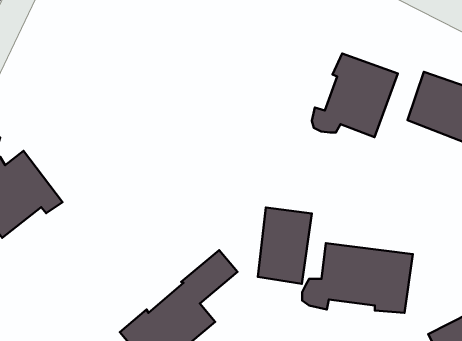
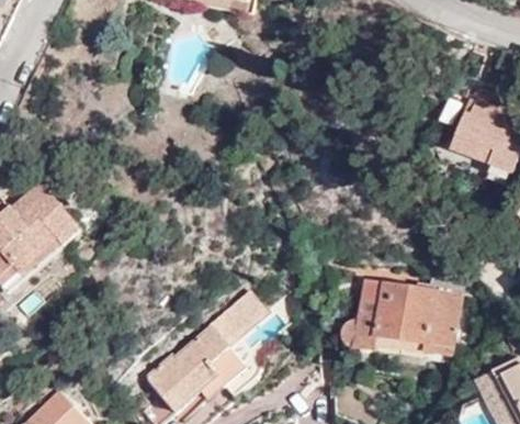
building: [312,53,398,137] -> none
building: [258,208,312,284] -> none

